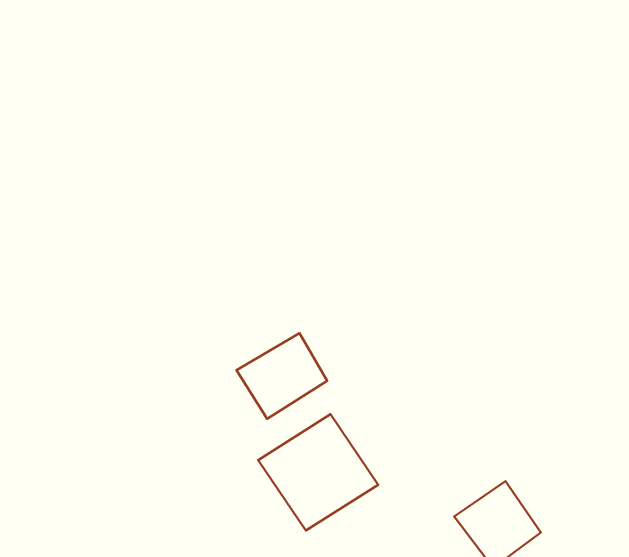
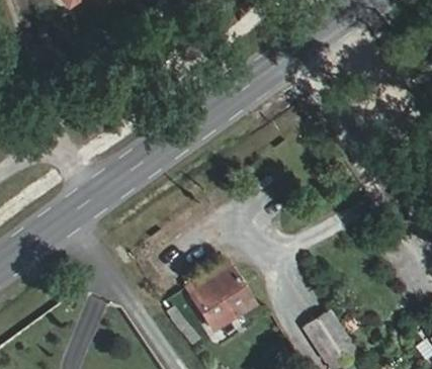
building: [236,333,327,419] -> none

